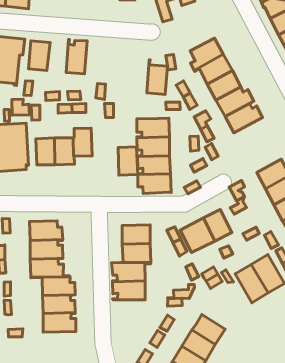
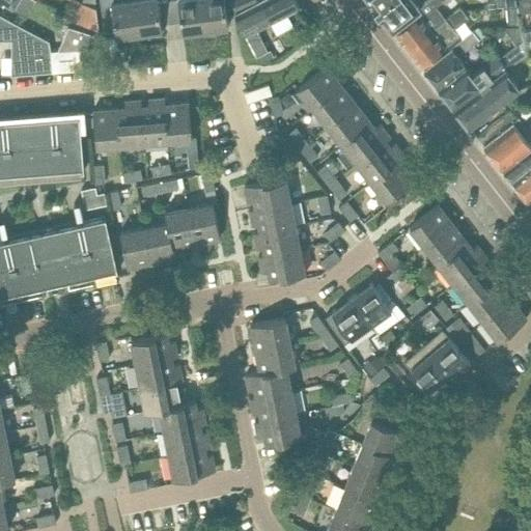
building: none -> [117,103,144,147]
building: [147,60,168,94] -> [164,101,192,143]
building: none -> [371,159,415,207]
building: [118,147,138,175] -> [189,205,220,246]
building: none -> [255,417,301,447]

